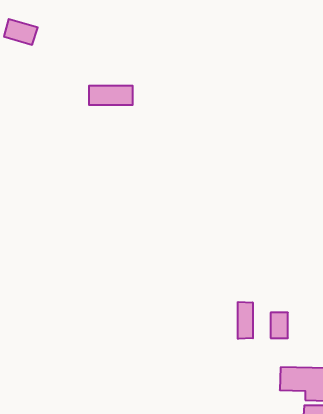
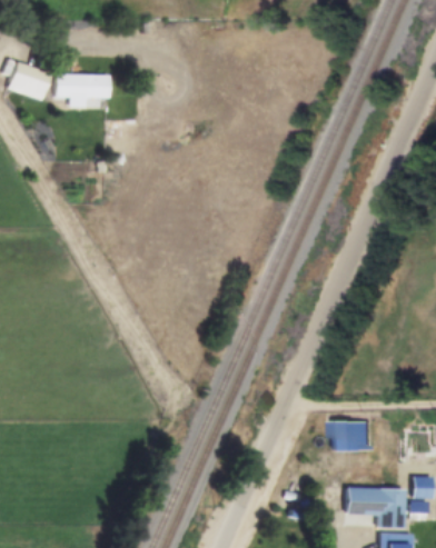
building: [89,86,133,105] -> [56,76,109,99]
building: [238,302,253,339] -> none

